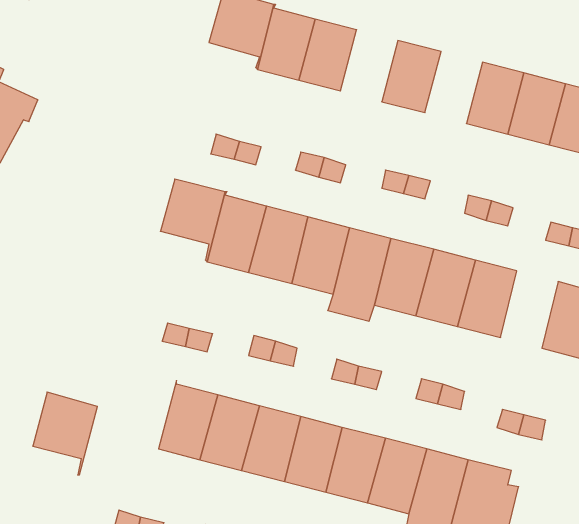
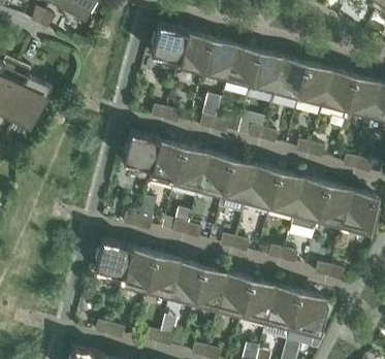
building: none -> [225,45,258,87]
building: none -> [274,58,307,99]
building: none -> [317,184,350,228]
building: [33,392,97,475] -> [94,238,131,286]

